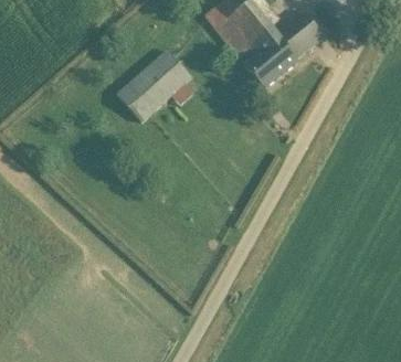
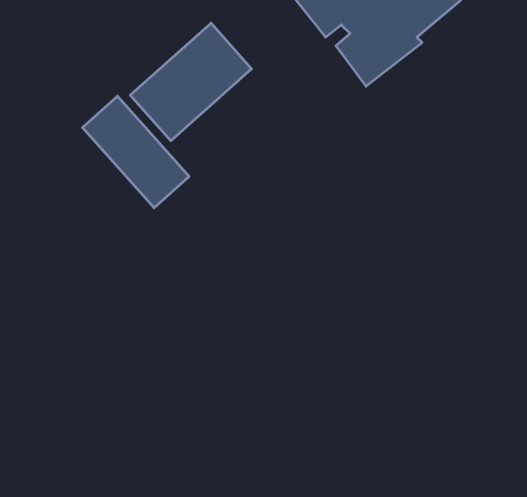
building: none -> [82,96,189,208]

